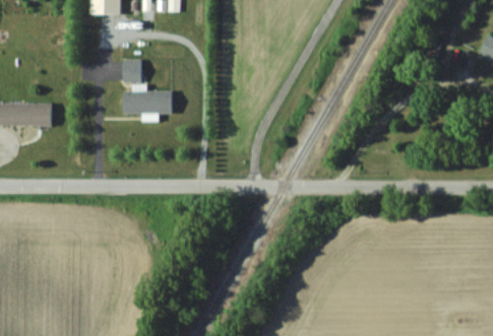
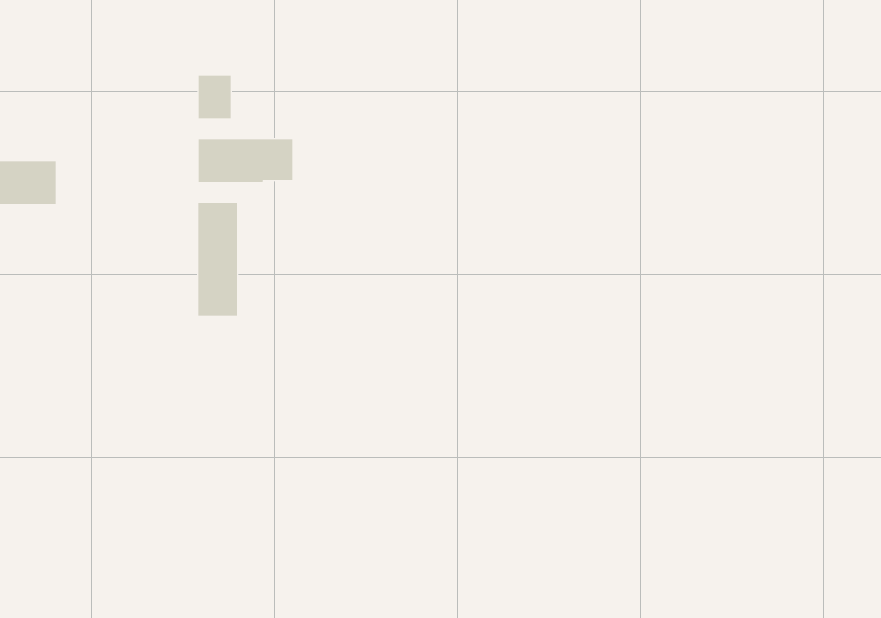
building: none -> [198,202,237,317]

